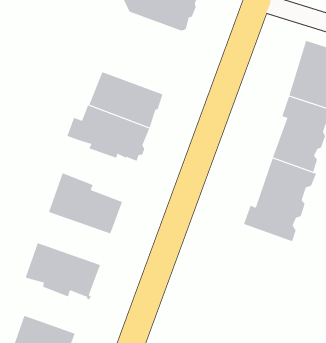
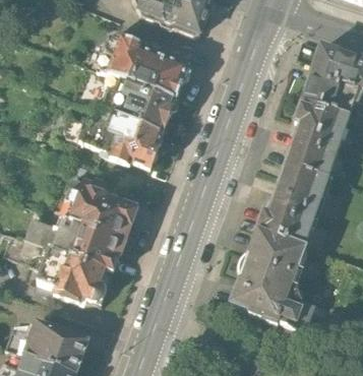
building: none -> [99,33,192,97]
building: none -> [27,215,125,268]
building: none -> [232,228,314,327]

